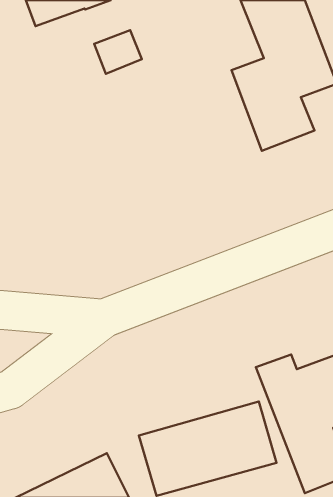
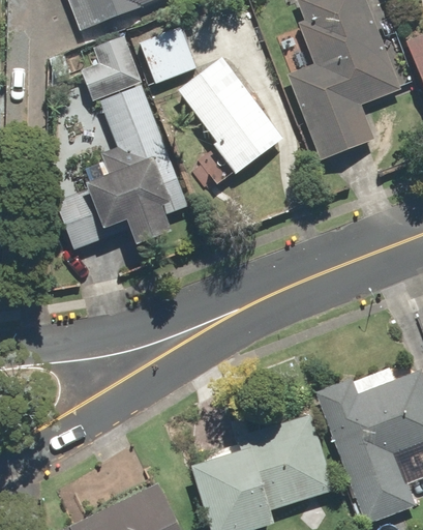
building: none -> [55,37,186,251]
building: none -> [179,60,281,170]

